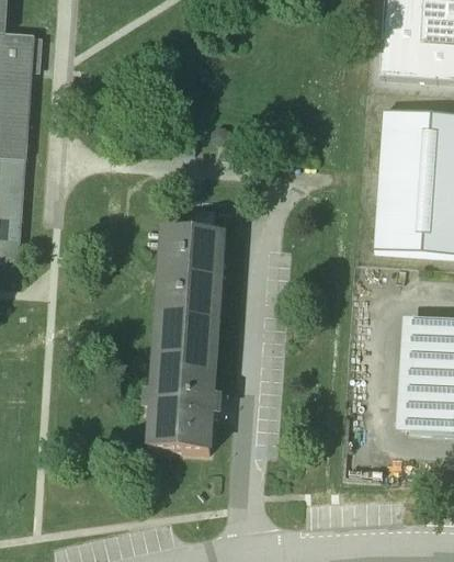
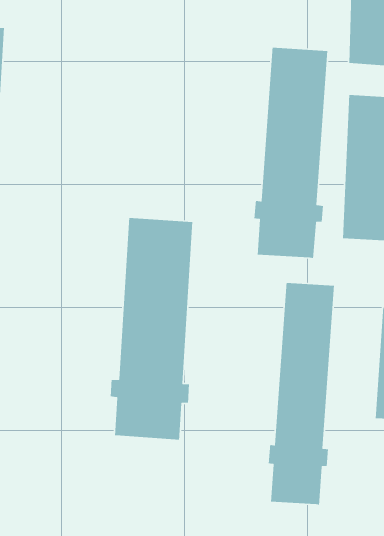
building: none -> [254,47,328,259]
building: none -> [268,282,335,505]

